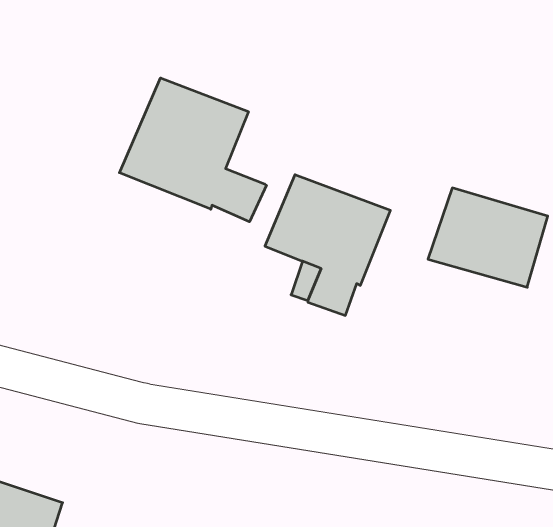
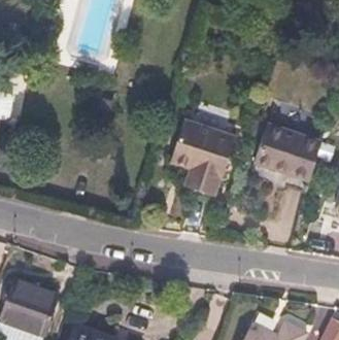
building: [119,78,266,222] -> none

